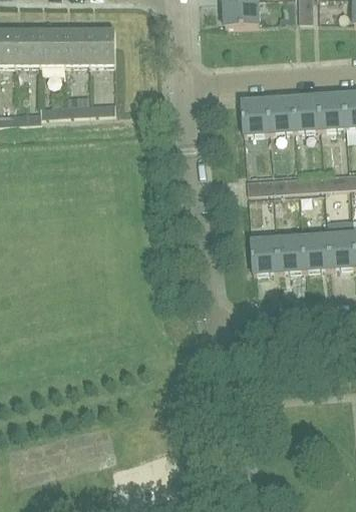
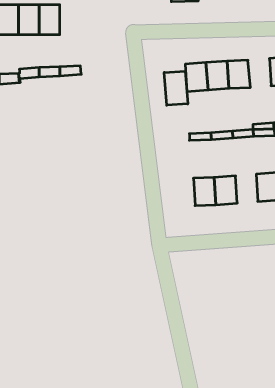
building: [89,28,114,64] -> none
building: [318,93,346,128] -> none
building: none -> [164,71,188,105]
building: [303,233,330,269] -> none

